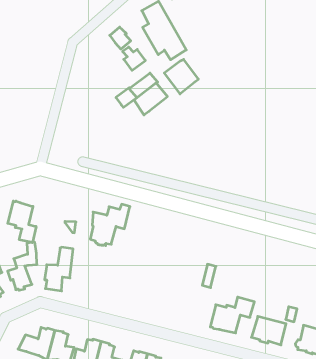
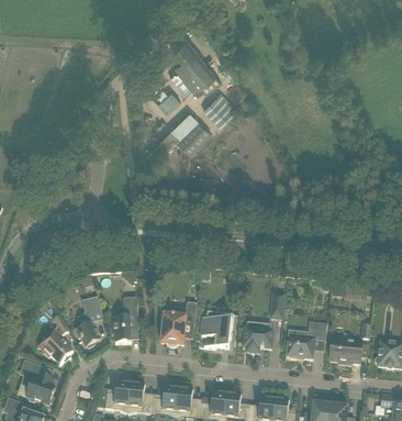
building: [8,201,36,243] -> none
building: [90,204,130,246] -> [159,300,196,344]
building: none -> [200,309,232,344]
building: none -> [244,320,271,348]

